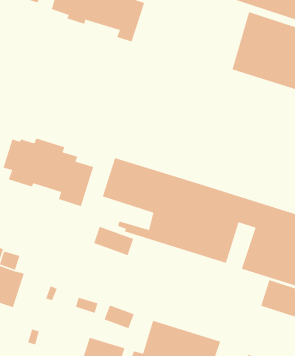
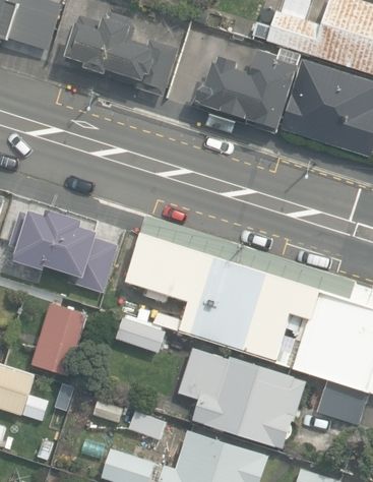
building: none -> [196,50,298,131]
building: none -> [32,304,86,375]
building: none -> [177,345,308,451]

